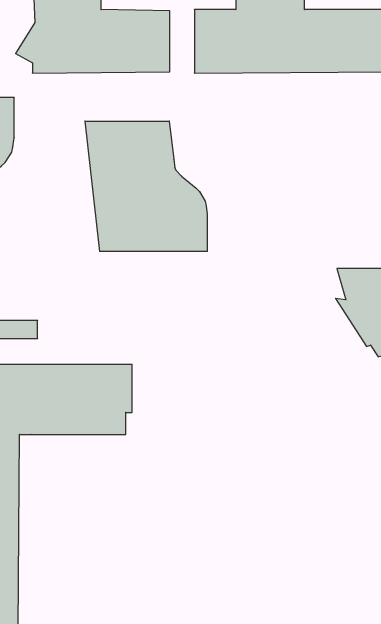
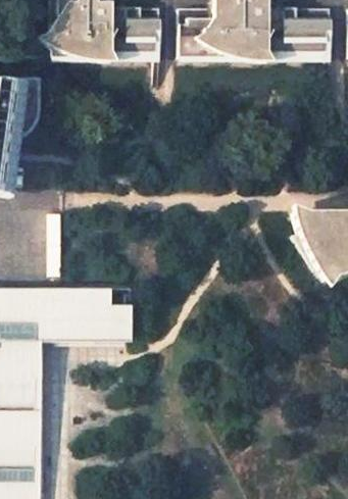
building: [85,121,207,251] -> none

